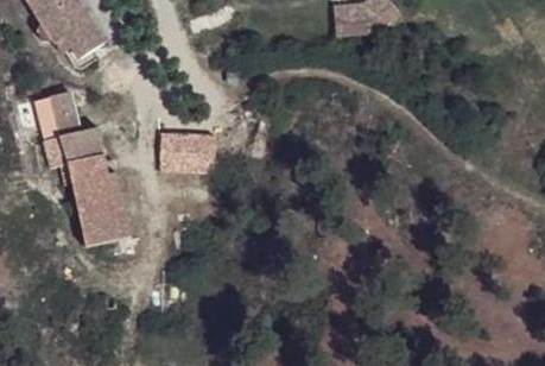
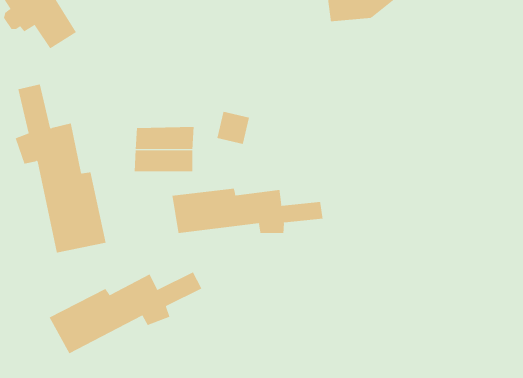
building: none -> [172,188,323,234]
building: none -> [49,272,202,354]

